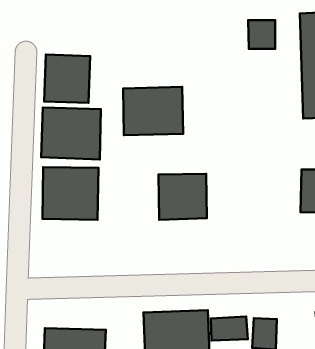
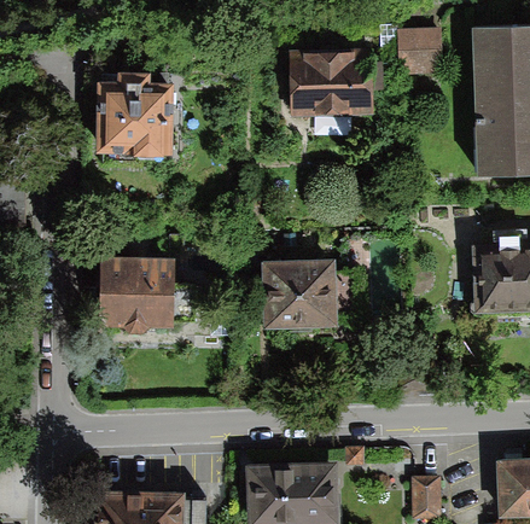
building: [123,87,183,135] -> [286,46,374,117]
building: [41,108,101,160] -> none
building: [211,317,248,340] -> none

